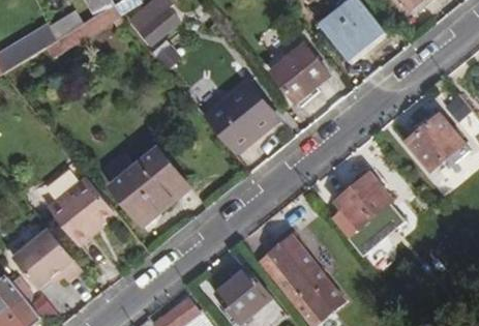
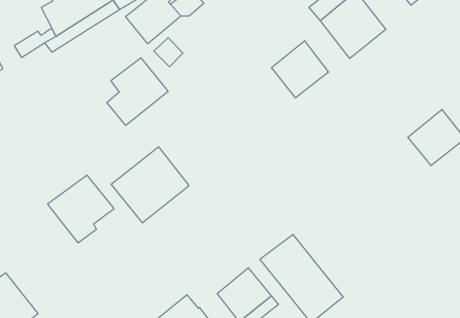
building: [214,84,275,151] -> [107,58,168,126]
building: [327,172,401,249] -> none
building: [12,227,81,286] -> none

